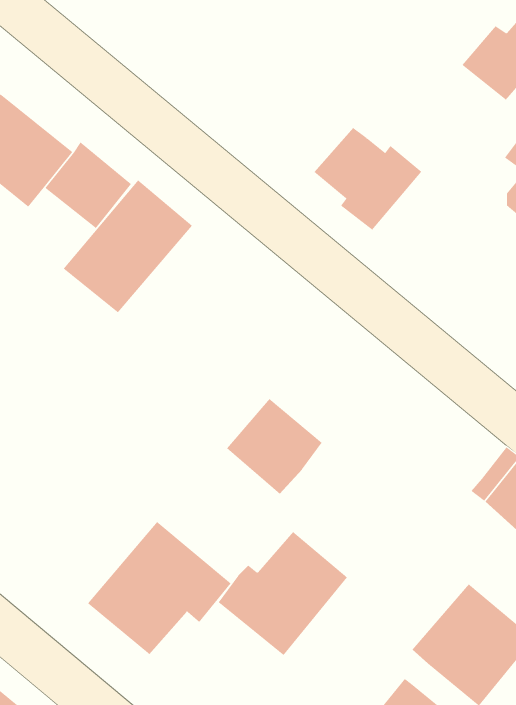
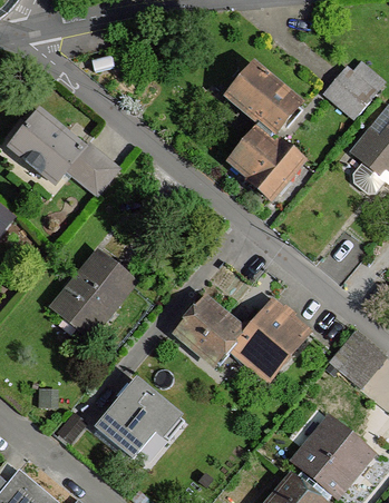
building: none -> [228,67,298,139]
building: [63,179,193,313] -> [52,251,134,335]
building: [218,531,348,656] -> [226,302,308,379]

